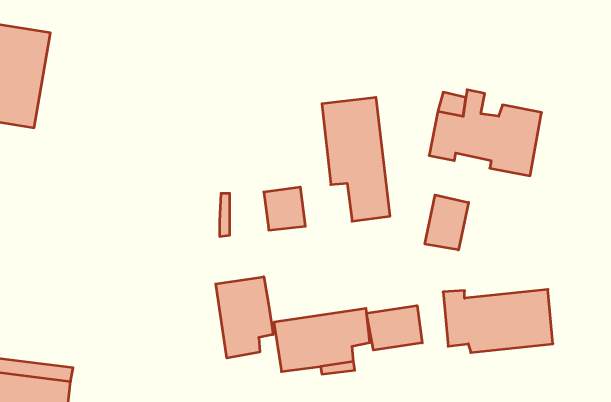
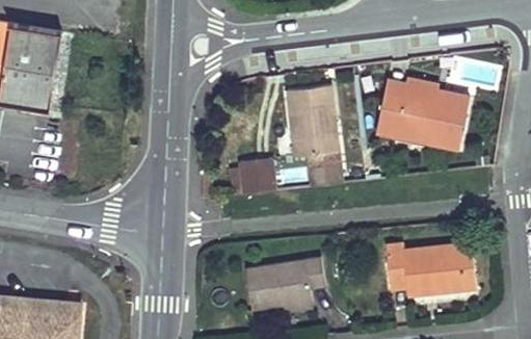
building: [425,195,469,250] -> none
building: [216,277,273,358] -> none
building: [367,306,422,350] -> none

